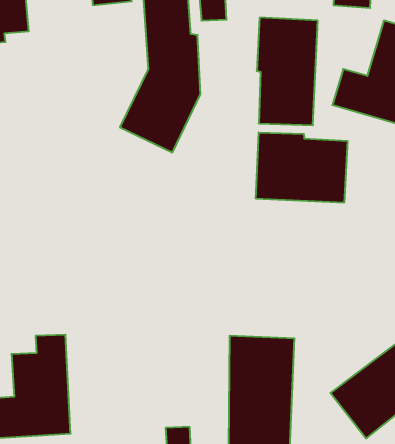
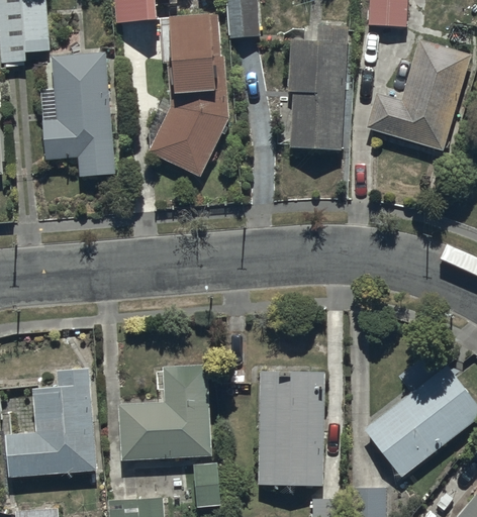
building: none -> [40,51,116,176]
building: [256,132,347,203] -> none
building: none -> [118,366,211,459]

